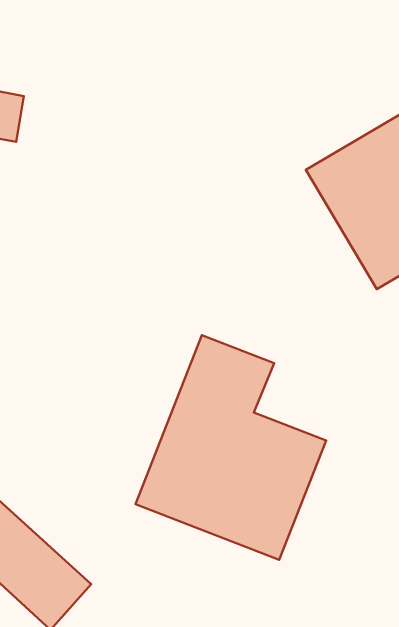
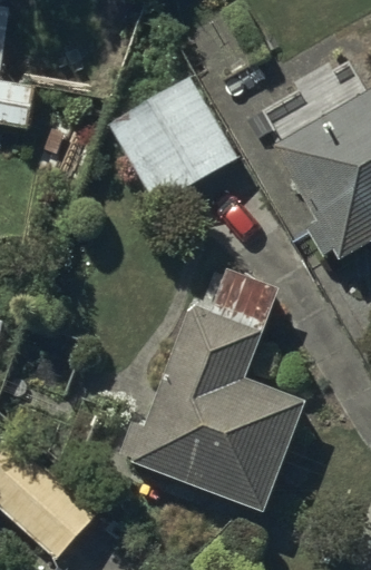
building: none -> [108,68,238,197]

